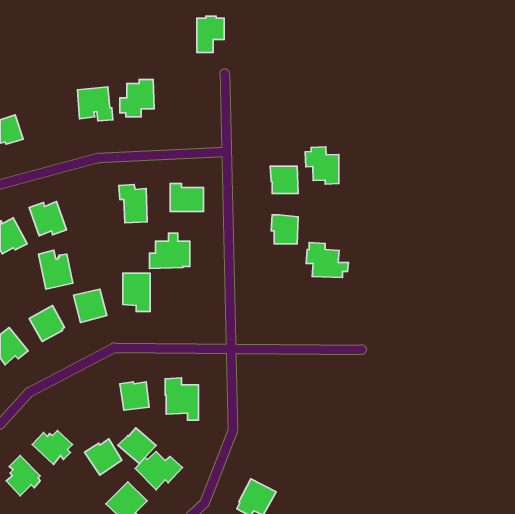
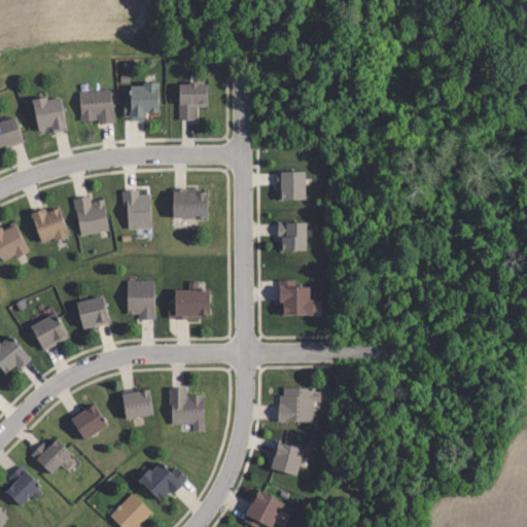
building: [197,16,224,52] -> [180,82,208,119]
building: none -> [33,98,69,134]
building: [305,147,339,184] -> none
building: [150,233,190,268] -> [168,282,209,318]
building: [306,242,348,278] -> [279,280,322,316]
building: [39,250,73,289] -> [72,195,107,235]
building: none -> [280,388,322,422]
building: [118,428,156,464] -> none
building: none -> [268,441,302,475]
building: [85,439,122,475] -> [68,403,106,441]

